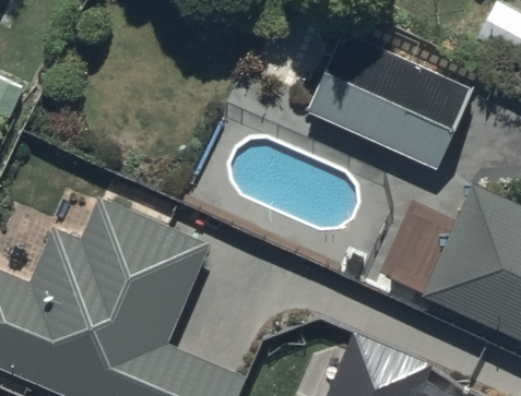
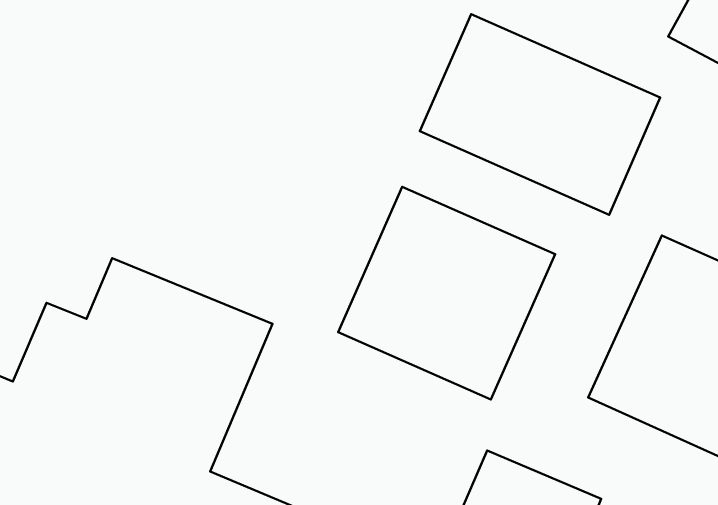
building: none -> [338,187,555,400]

